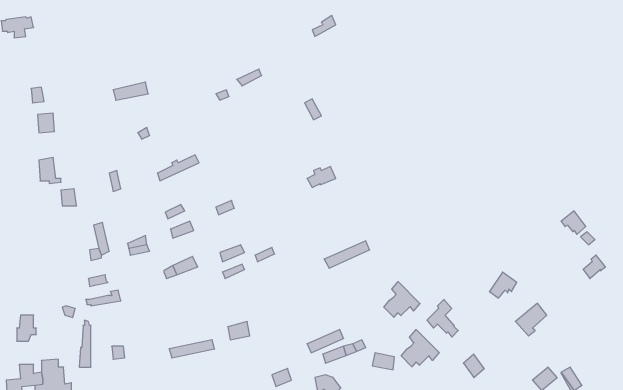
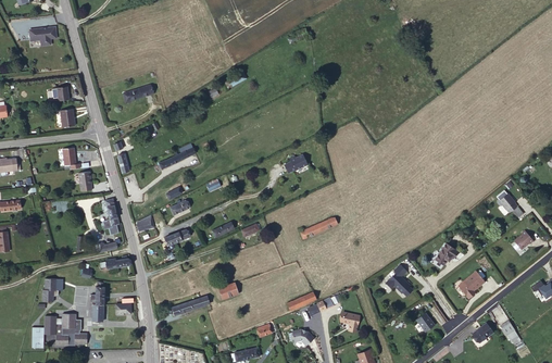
building: [384,282,420,317] -> none
building: [401,330,439,367] -> none

